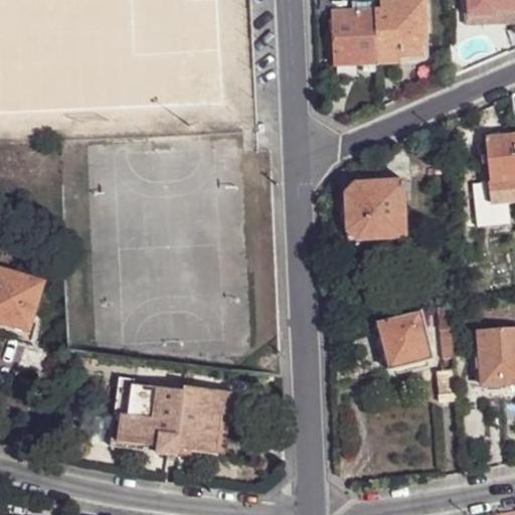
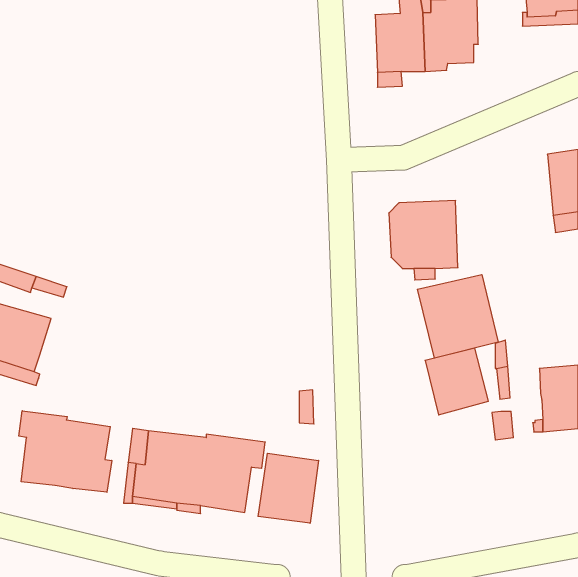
building: none -> [417,275,498,358]
building: none -> [19,411,112,492]
building: none -> [258,453,319,523]

